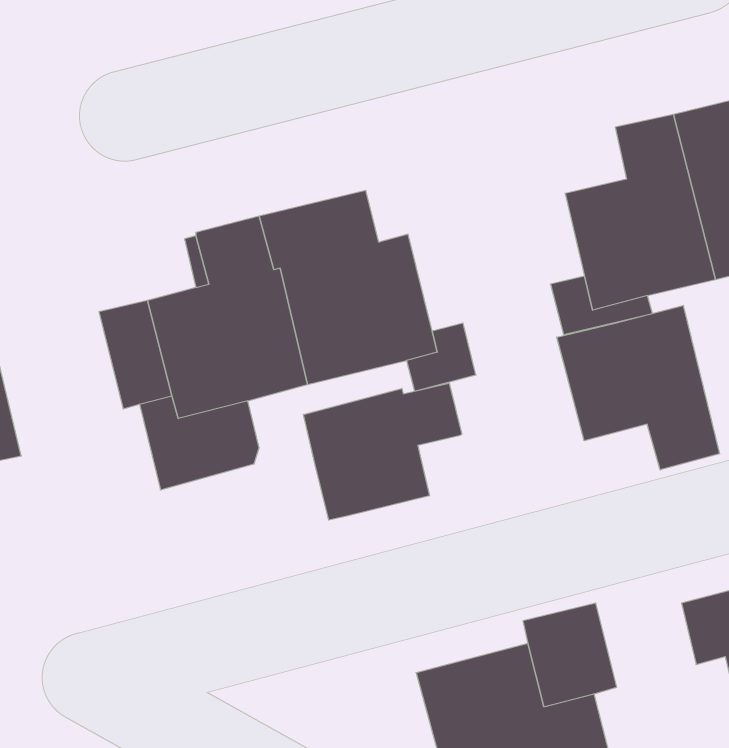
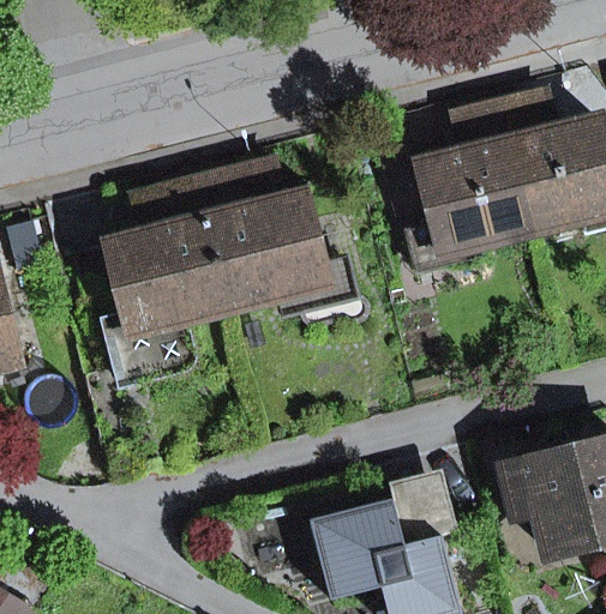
building: [557,305,719,470] -> none
building: [304,383,462,520] -> none

